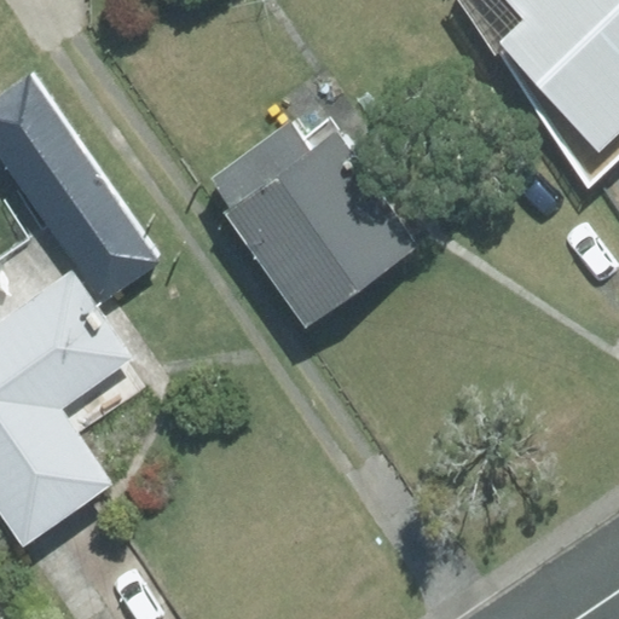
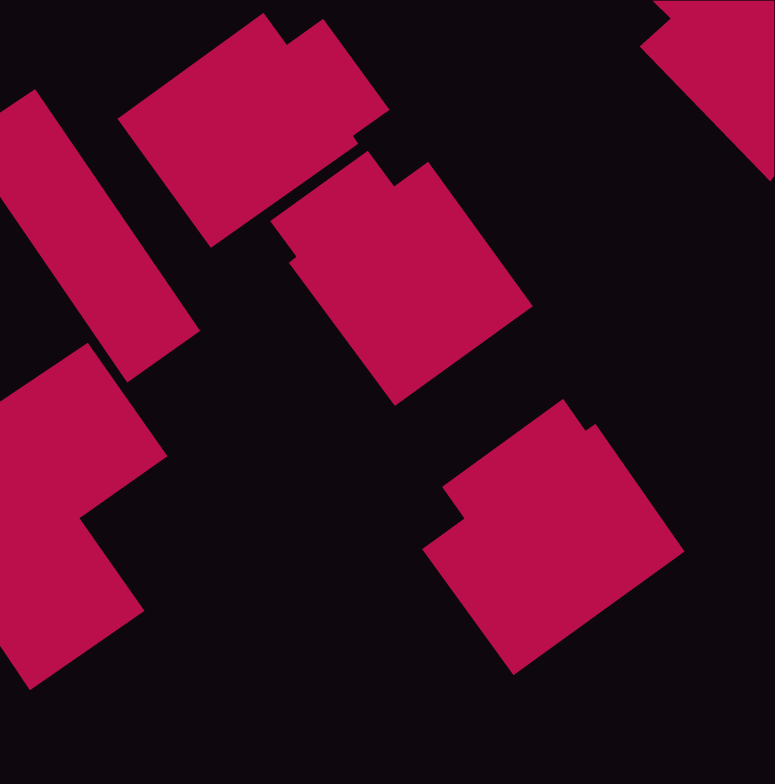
building: none -> [116,12,391,249]
building: none -> [421,398,686,676]

